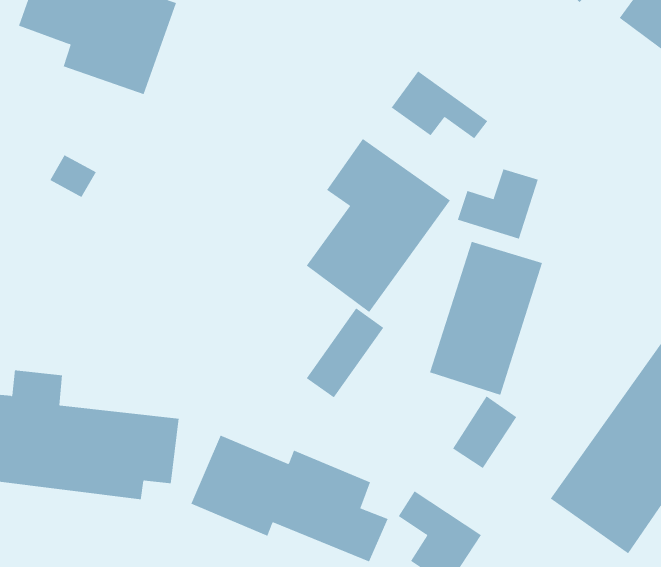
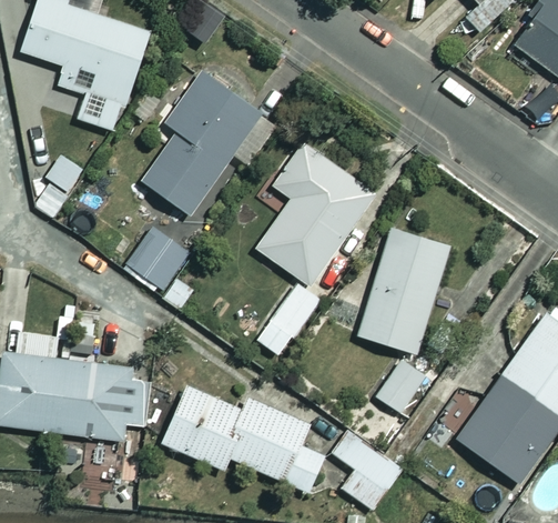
building: none -> [142,71,266,214]
building: [391,70,488,139] -> none
building: [457,169,538,240] -> none
building: none -> [126,229,187,289]

